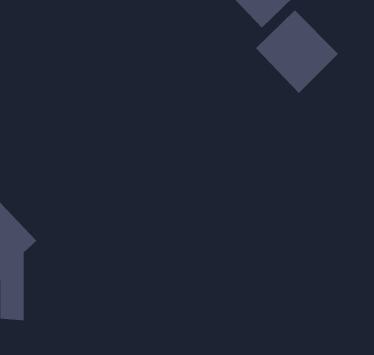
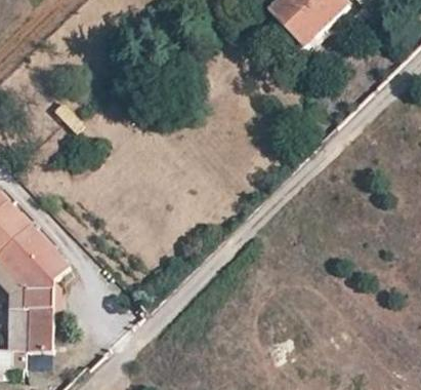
building: [255,9,339,94] -> none

